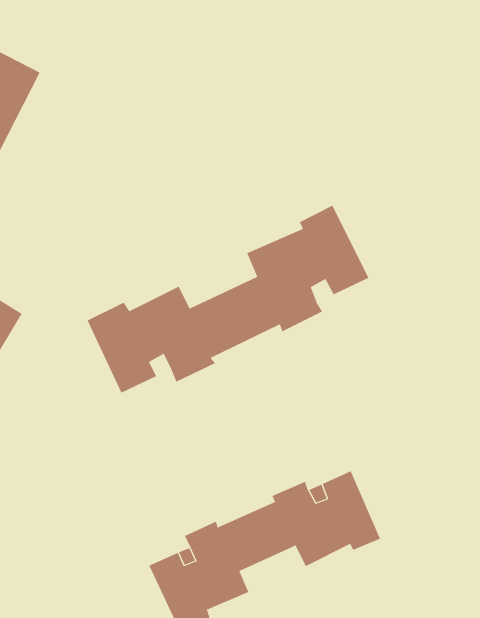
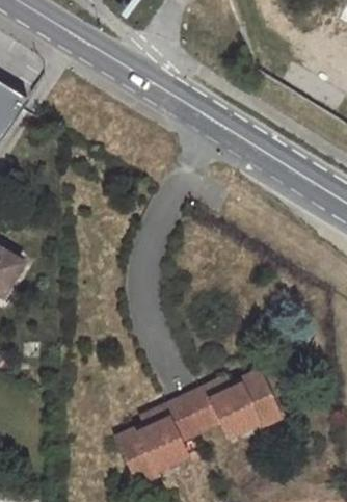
building: [87,205,369,394] -> none

